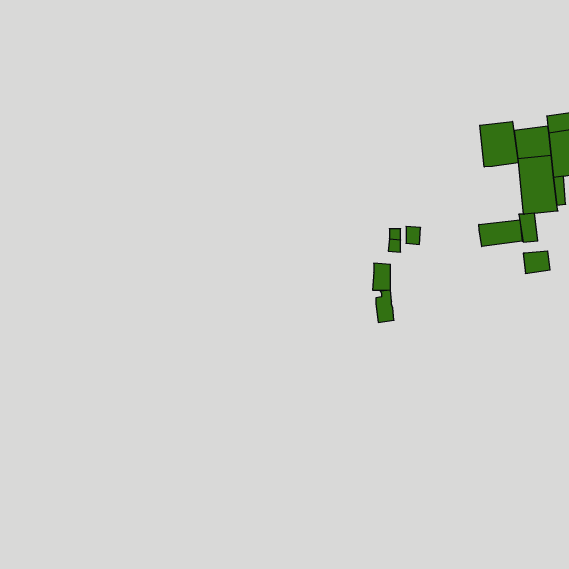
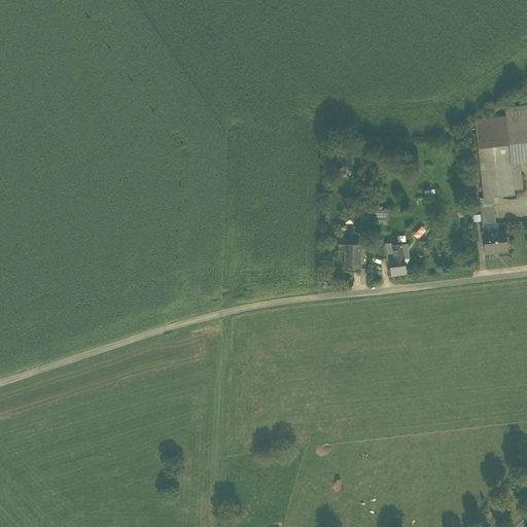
building: [480,121,518,167] -> none
building: [479,220,522,247] -> none
building: [376,290,394,322] -> [390,245,407,275]

